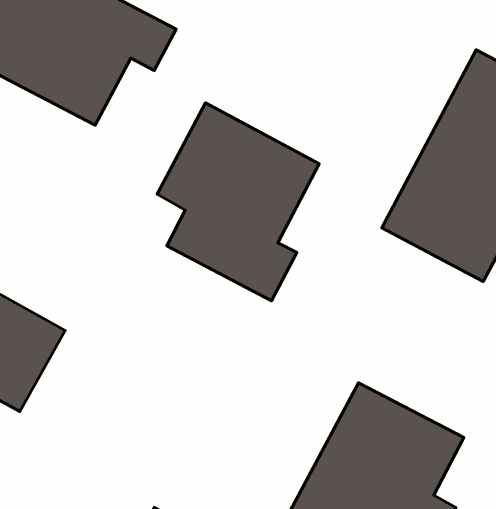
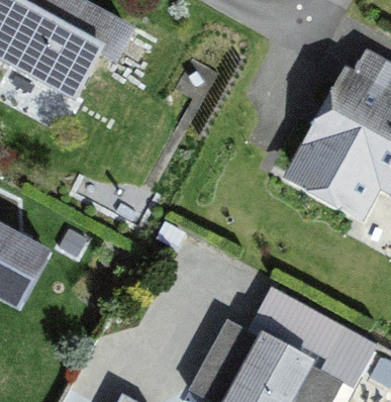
building: [157,103,319,301] -> none

